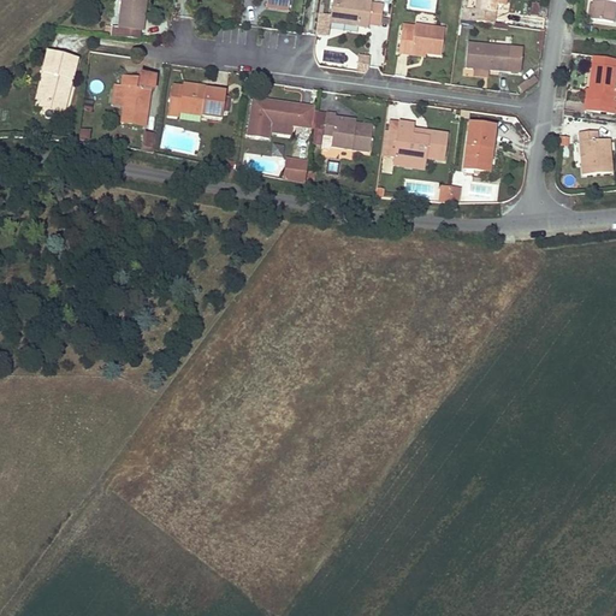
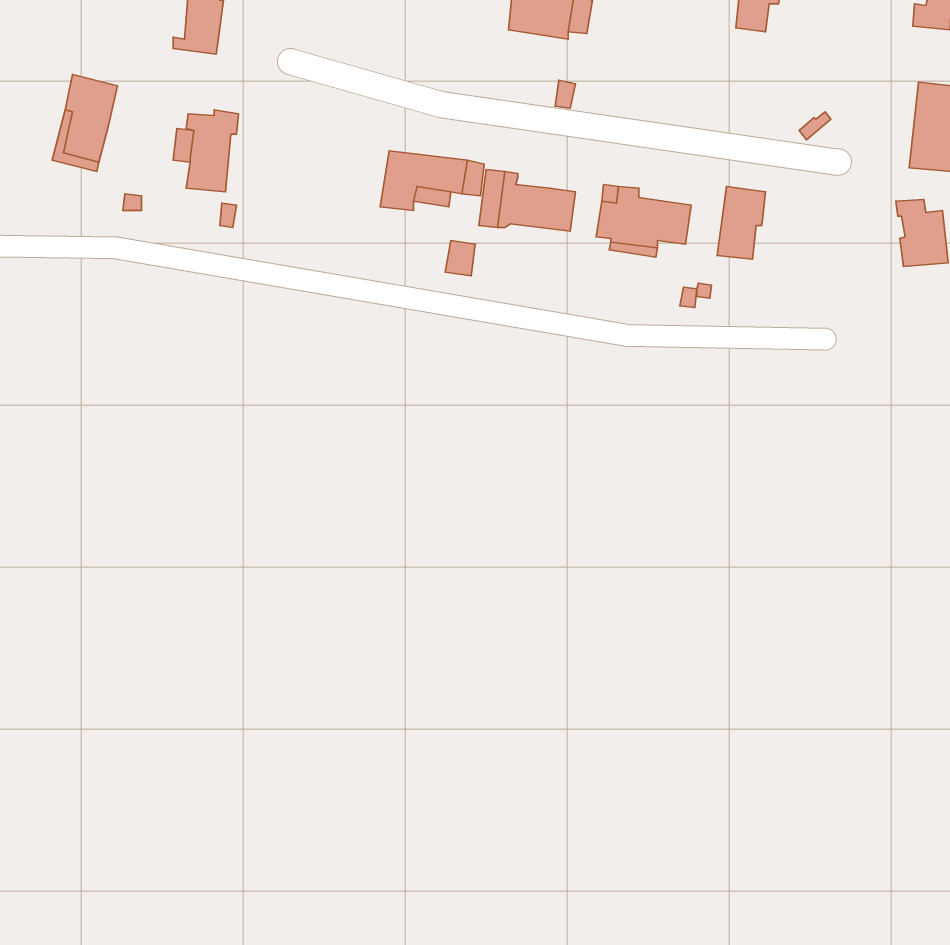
building: [399,23,444,54] -> none
building: [466,41,523,71] -> none
building: [168,81,225,114] -> none

